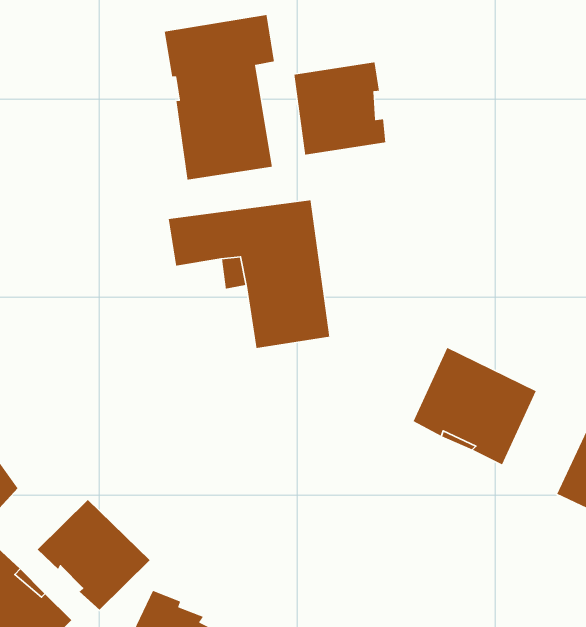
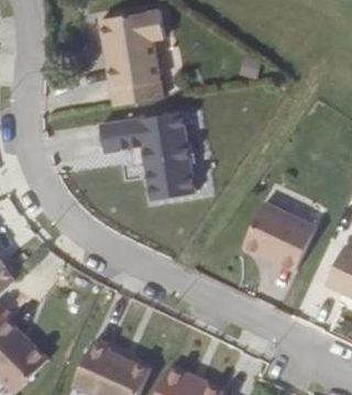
building: [293,62,386,155] -> none
building: [37,499,151,610] -> none

